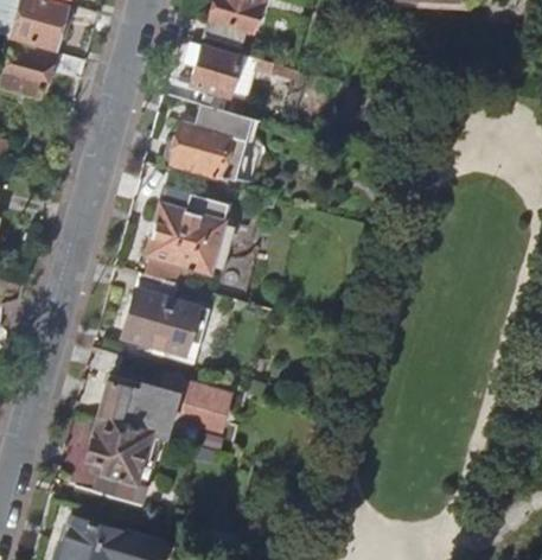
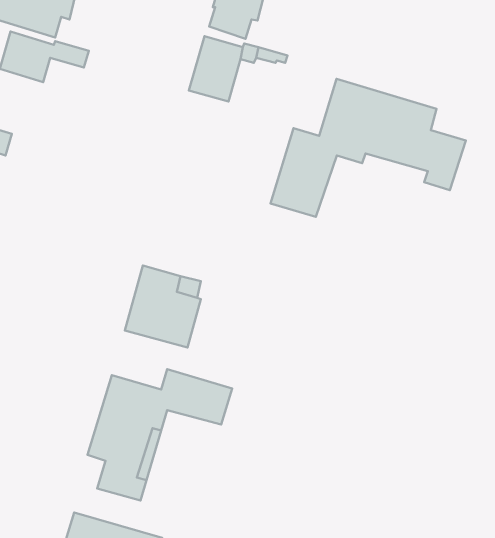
building: none -> [271,79,466,217]
building: [171,120,243,178] -> none
building: [146,186,230,273] -> none

